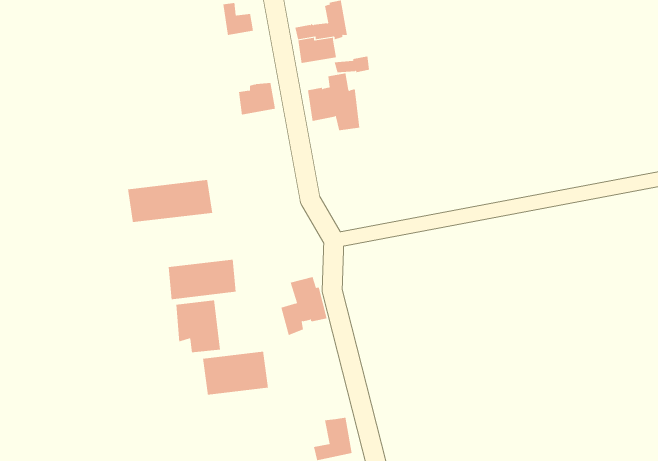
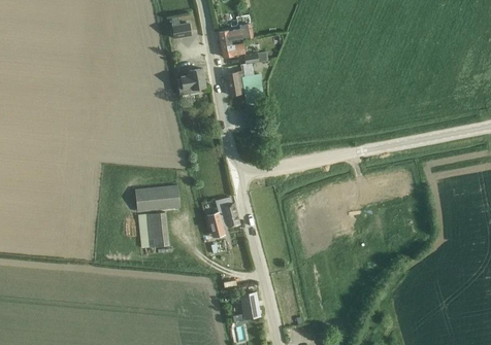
building: [127,179,213,223] -> none
building: [202,351,269,395] -> none

